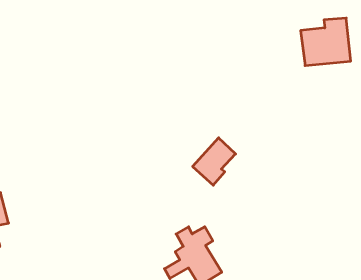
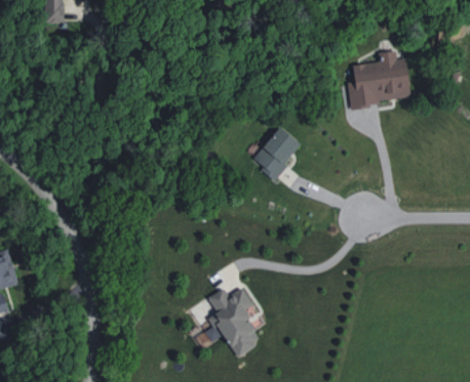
building: [193,138,236,185] -> [250,127,300,181]

